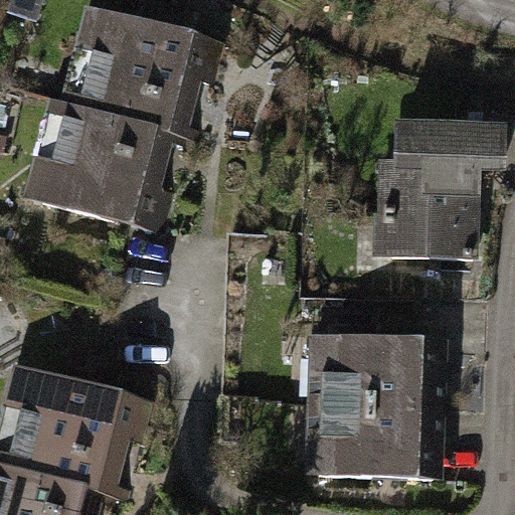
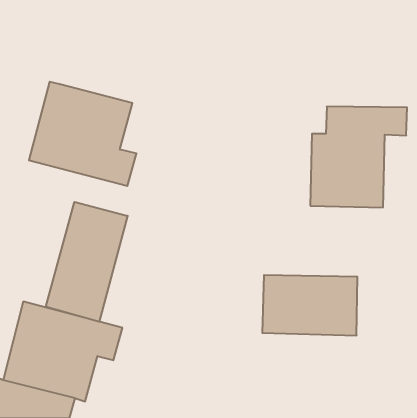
building: [72,8,217,130] -> none
building: none -> [46,202,128,322]
building: [317,405,434,480] -> none

